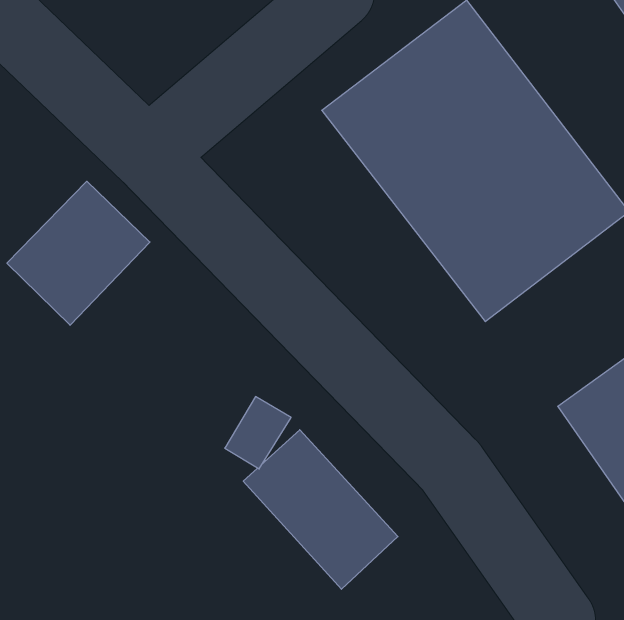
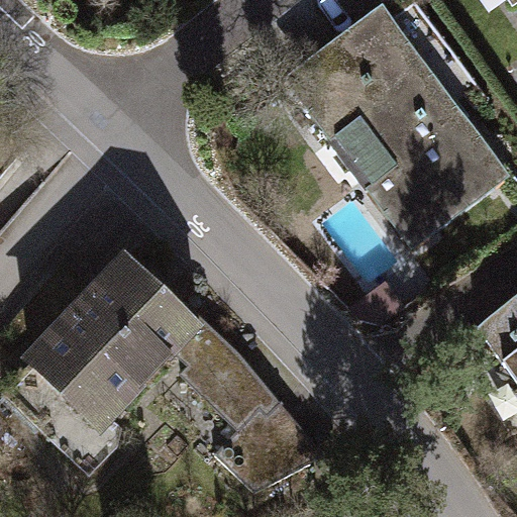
building: [7,181,150,325] -> none
building: none -> [8,242,203,437]

